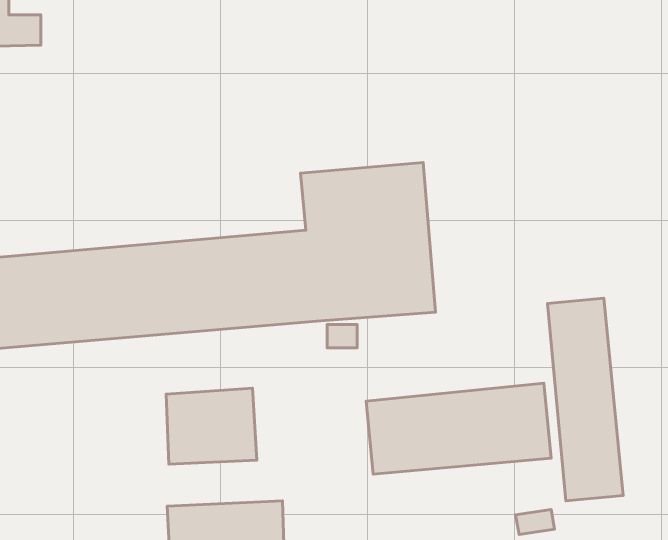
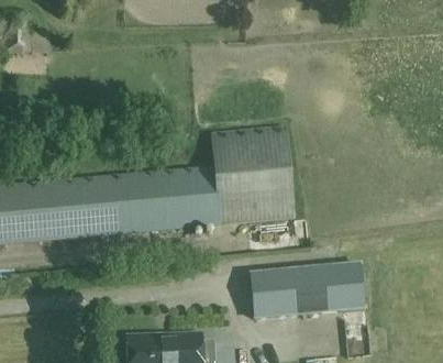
building: [548,298,623,501] -> none
building: [166,388,257,464] -> none

